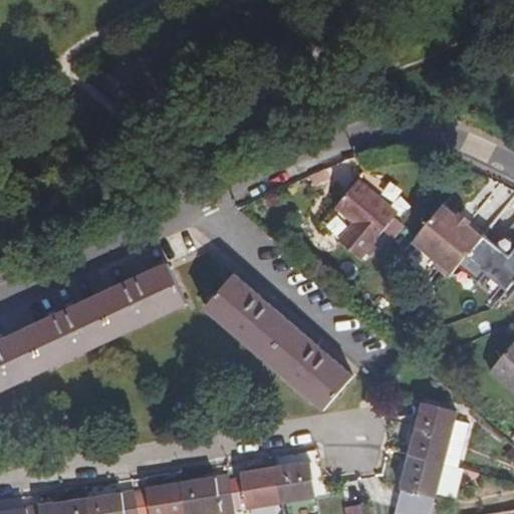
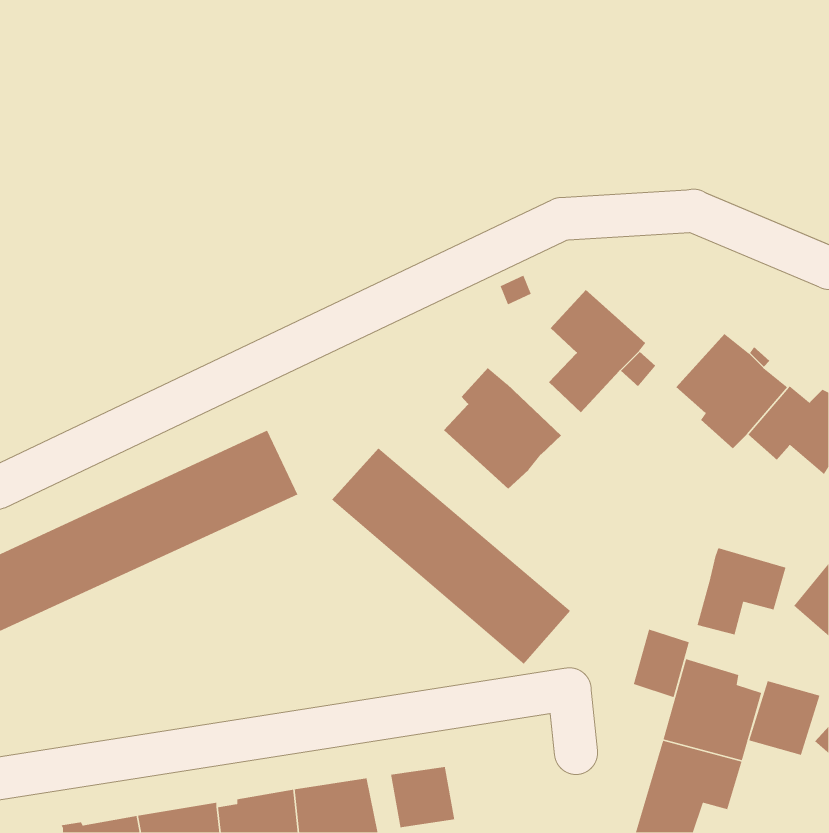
building: none -> [443,367,562,490]
building: none -> [697,547,786,636]
building: none -> [633,628,690,698]
building: none -> [748,680,820,756]
building: [274,465,314,504] -> none

